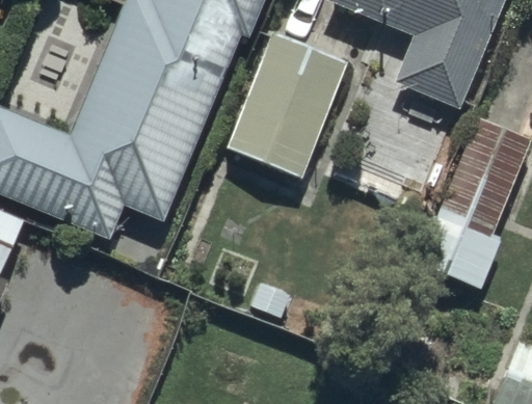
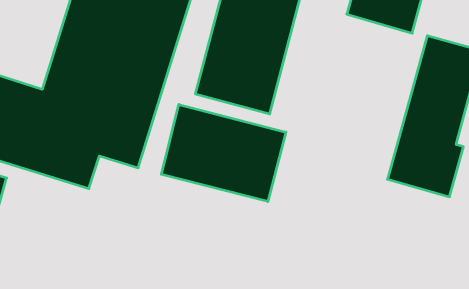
building: none -> [161,104,286,202]

